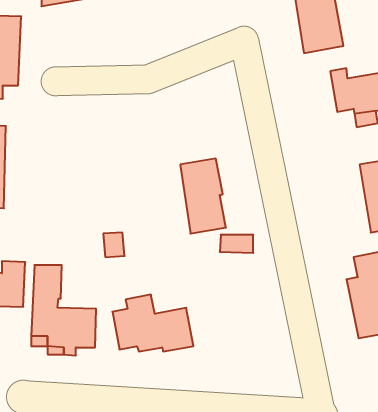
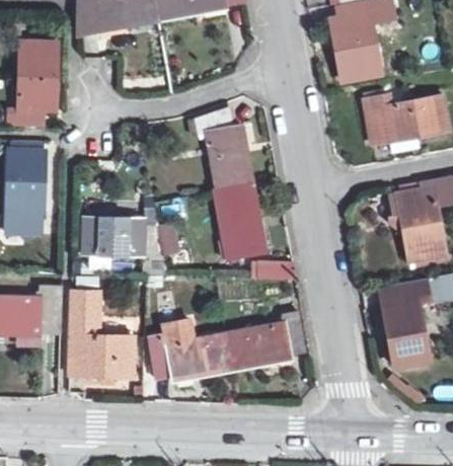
building: none -> [186,108,252,191]
building: none -> [82,215,163,255]
building: none -> [223,312,307,372]

